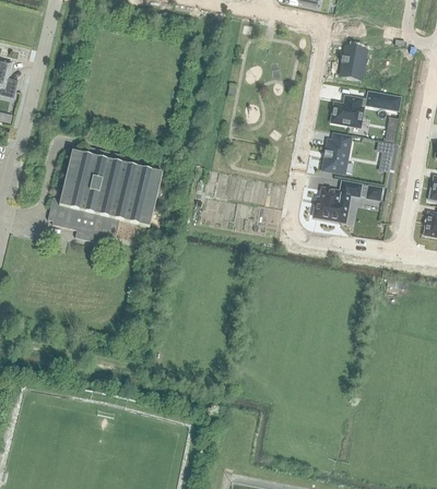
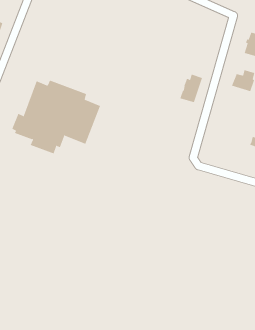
building: [322,133,350,171] -> [180,74,203,103]
building: [315,179,361,220] -> none

